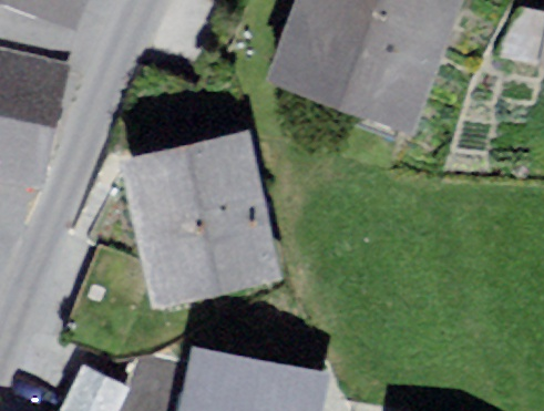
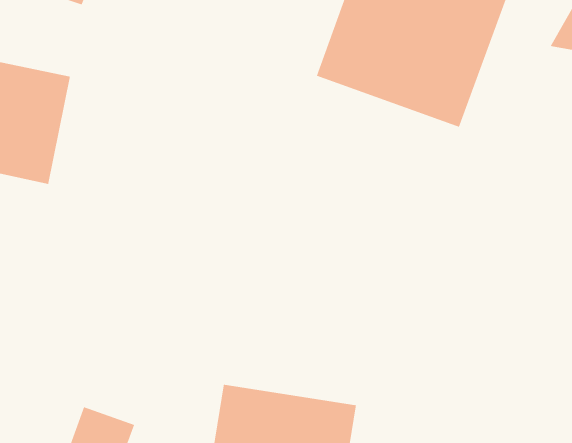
building: [127,141,264,295] -> none

